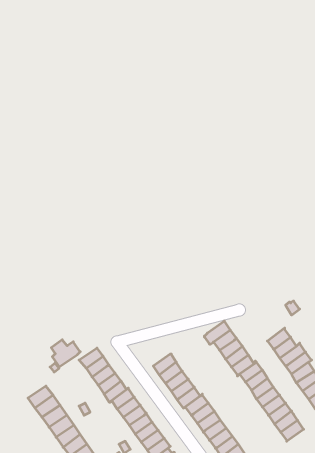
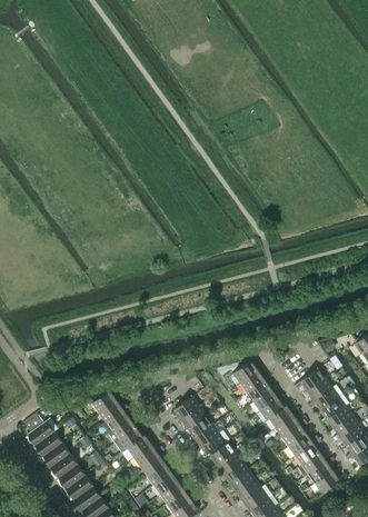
building: [51,340,80,367] -> [26,417,58,447]

